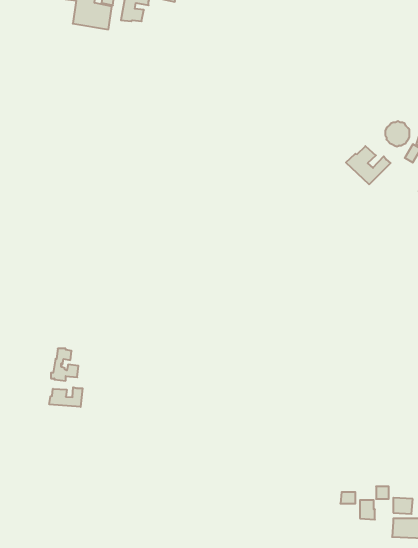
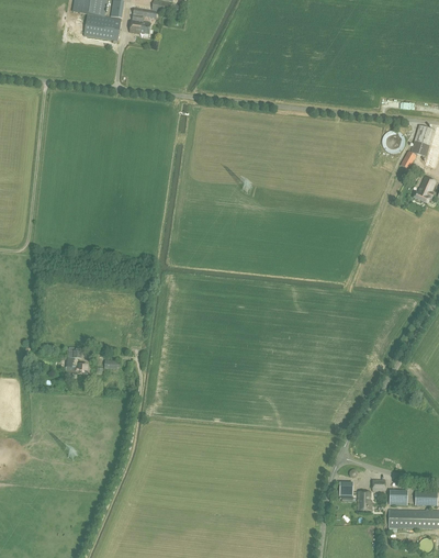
building: [346,146,391,184] -> none
building: [49,387,83,407] -> none

